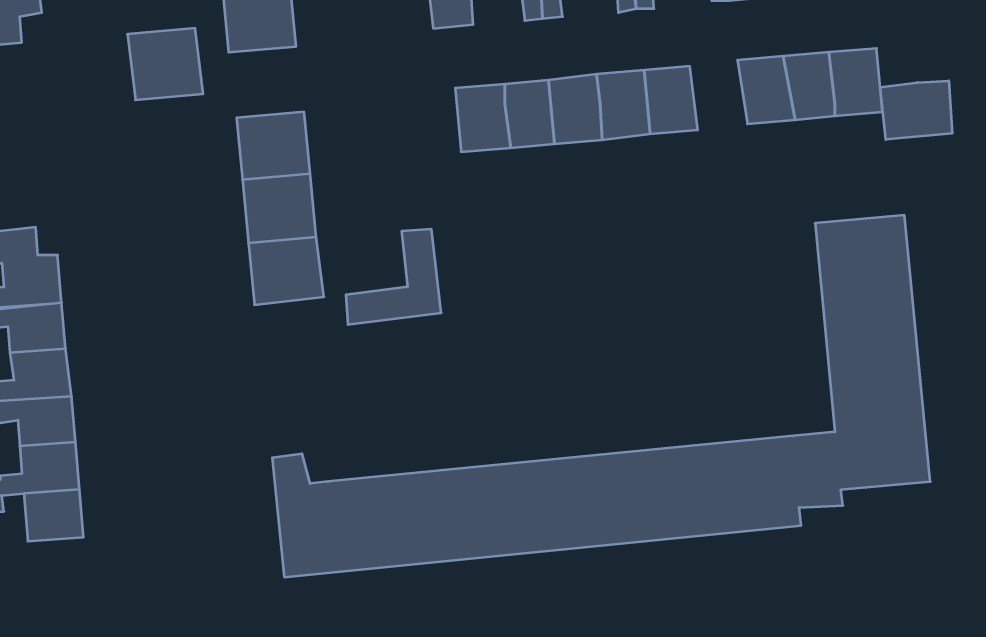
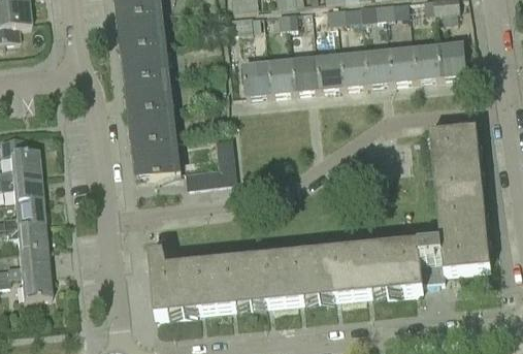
building: [127,28,203,100] -> [126,40,165,77]
building: none -> [365,47,395,84]
building: [880,81,952,140] -> none

